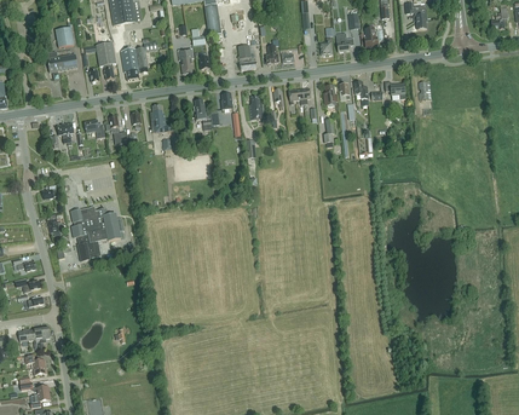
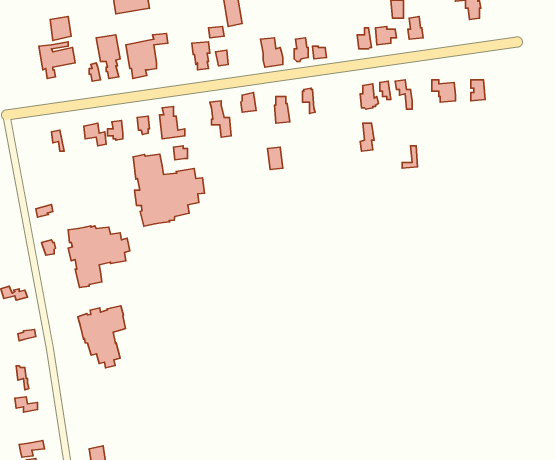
building: none -> [133,154,204,226]
building: none -> [78,306,125,368]

